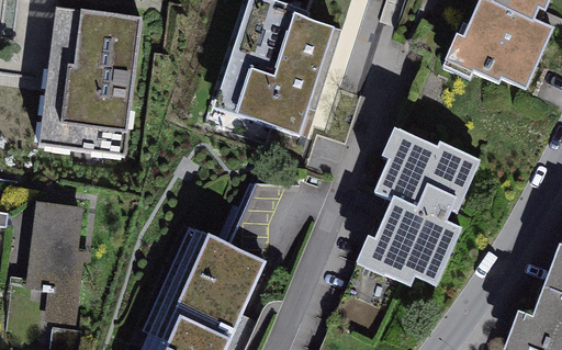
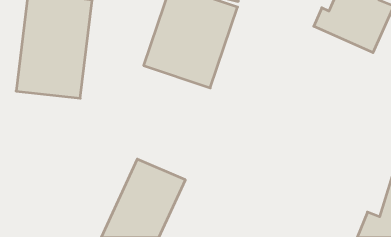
building: [350,126,484,286] -> none
building: [30,206,90,330] -> none

